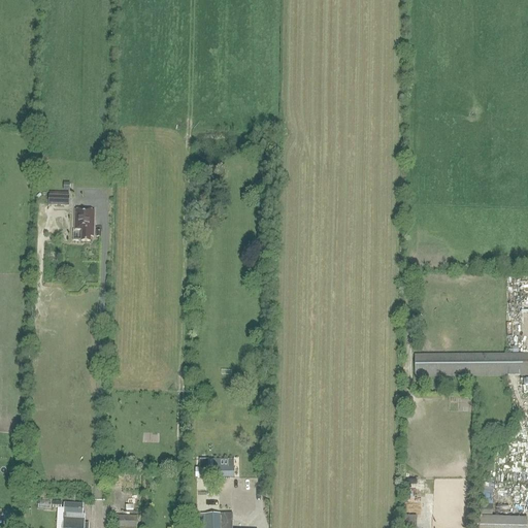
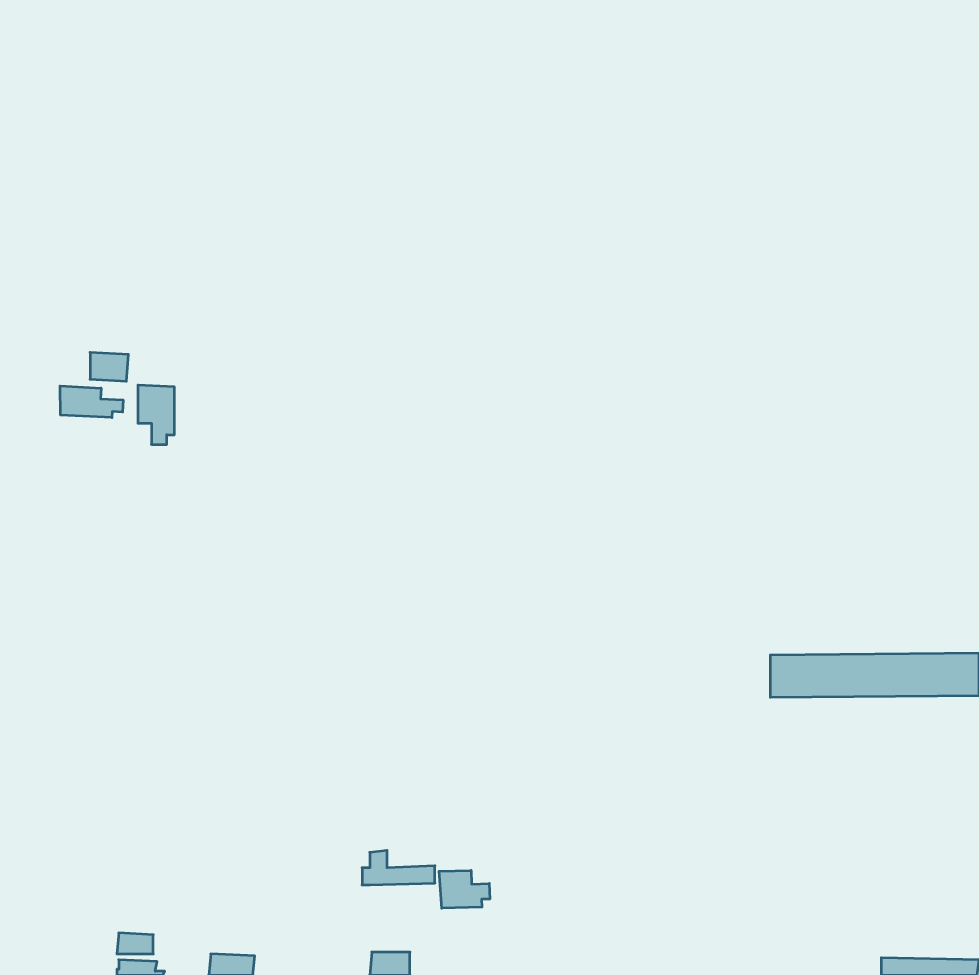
building: none -> [60,386,123,418]
building: none -> [439,870,490,908]

